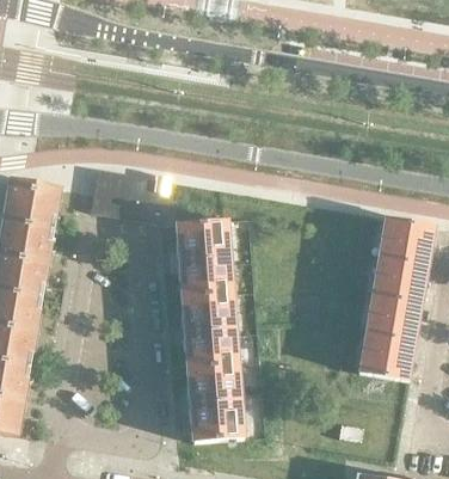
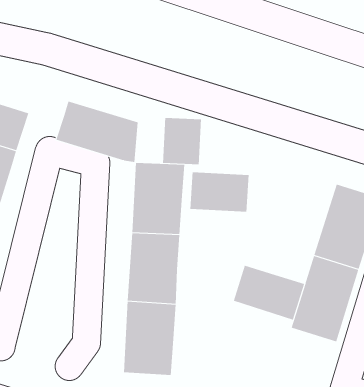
building: none -> [162,117,202,165]
building: none -> [190,171,249,213]
building: none -> [233,265,305,321]

